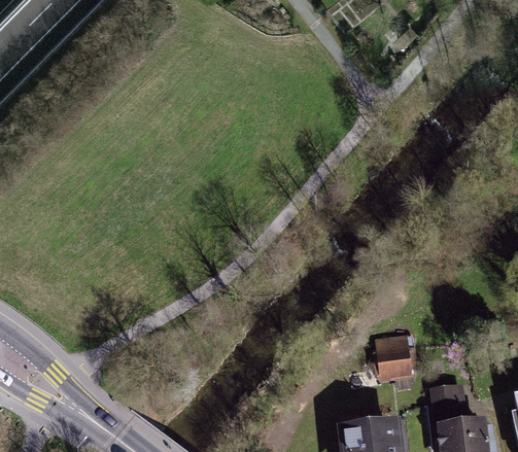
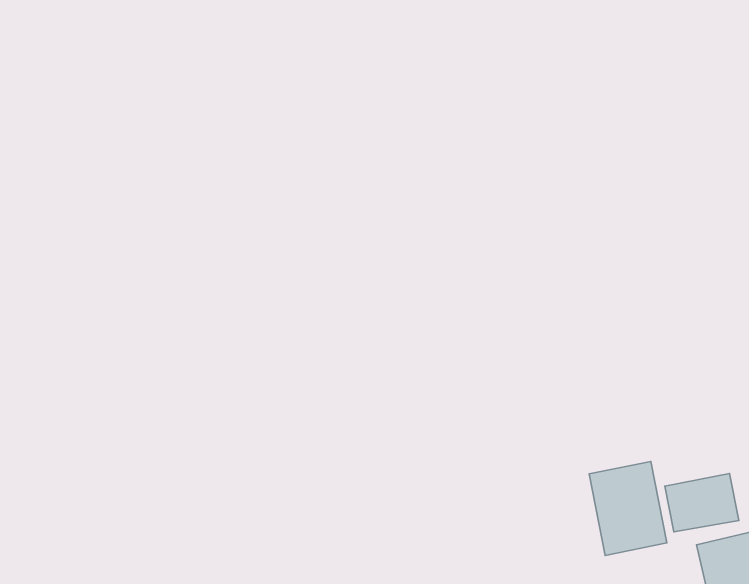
building: none -> [665,474,739,532]

